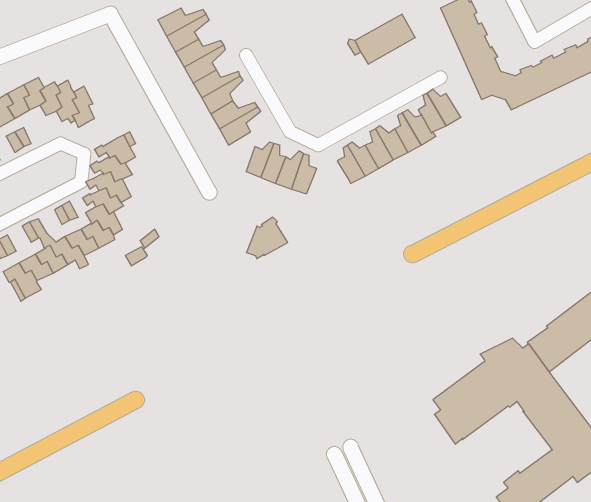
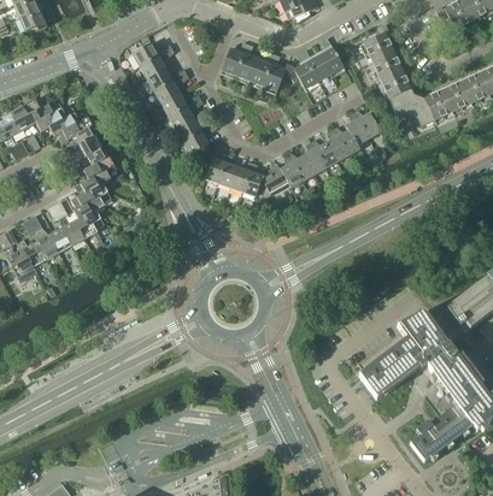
building: none -> [222,51,284,91]
building: none -> [72,117,102,157]
building: [246,217,288,259] -> [256,164,289,197]

